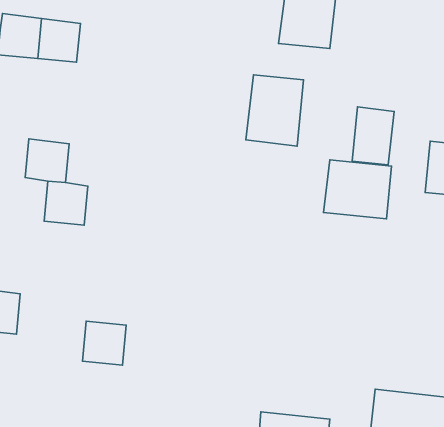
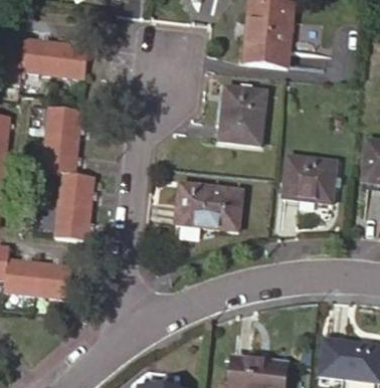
building: none -> [46,107,81,142]
building: [352,107,394,165] -> none
building: none -> [176,183,243,230]
building: none -> [55,204,90,239]
building: [82,321,126,365] -> [36,262,71,298]

